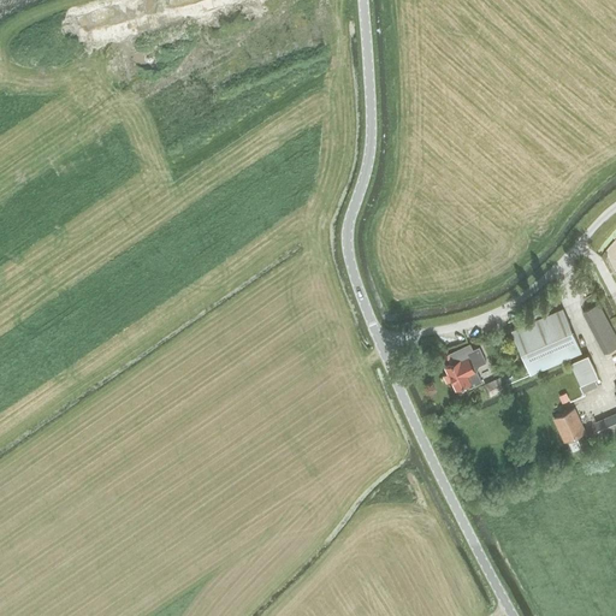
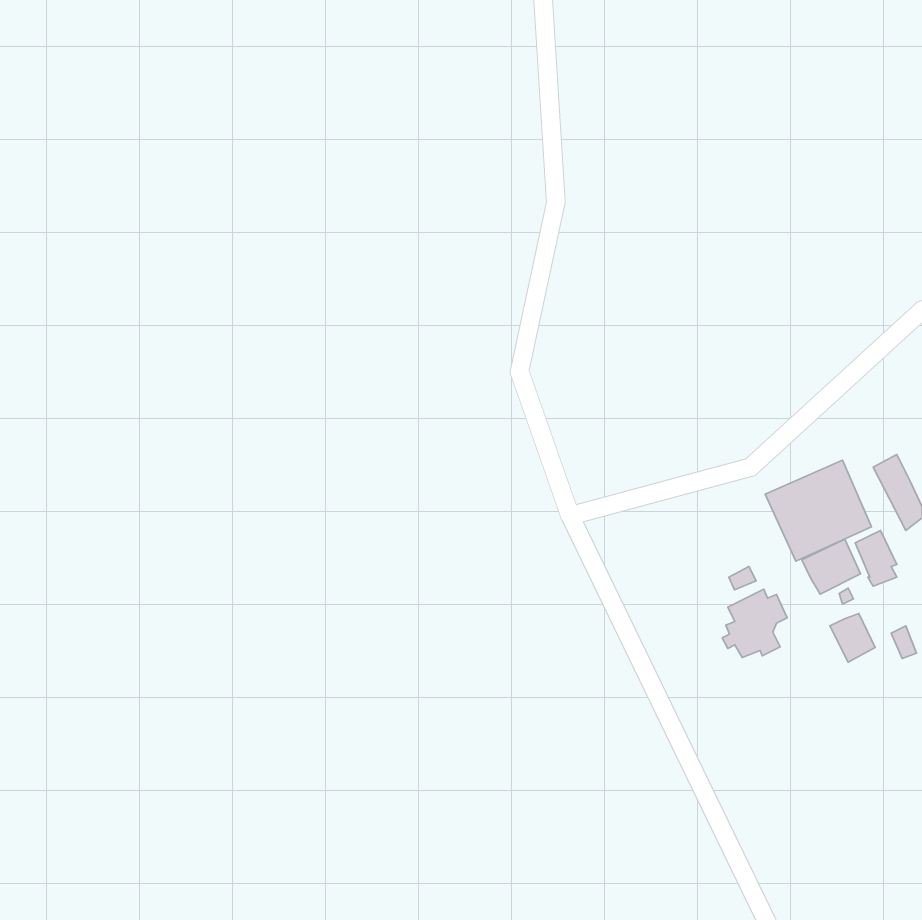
building: [443,344,486,390] -> [722,589,787,658]
building: none -> [802,539,860,594]

